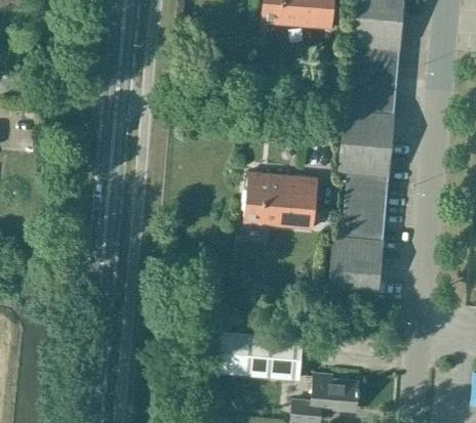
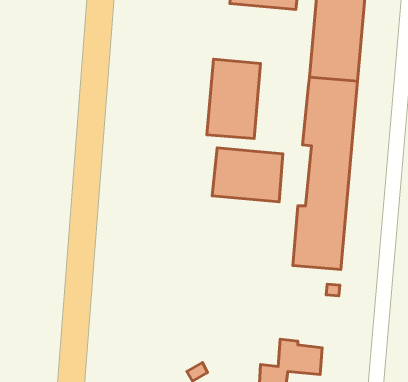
building: none -> [207,59,261,138]
building: [219,329,305,381] -> none

